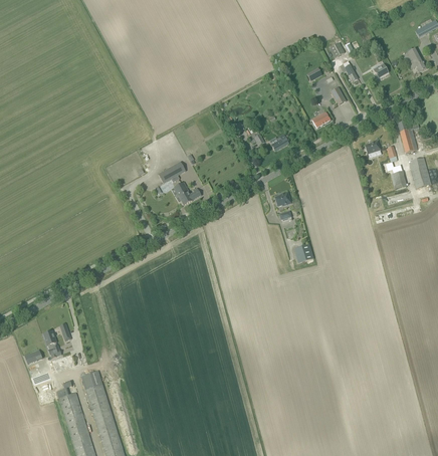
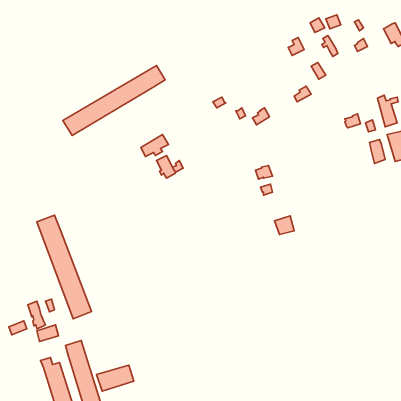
building: none -> [63,65,165,135]
building: none -> [37,215,91,319]
building: none -> [97,365,134,391]

